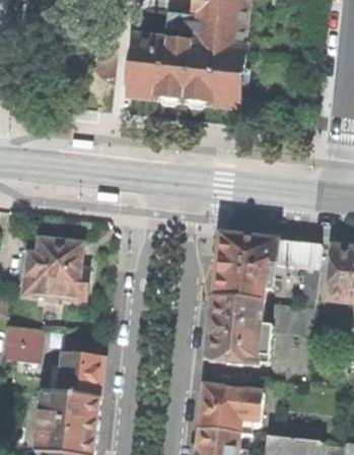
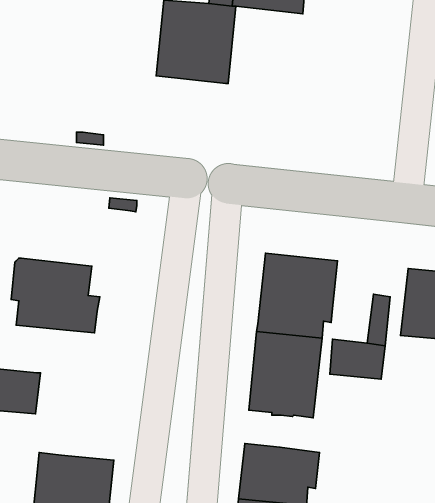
building: [189,40,250,106] -> none
building: [271,241,320,279] -> none
building: [57,352,102,398] -> none

